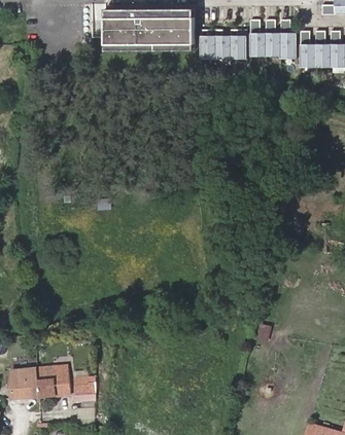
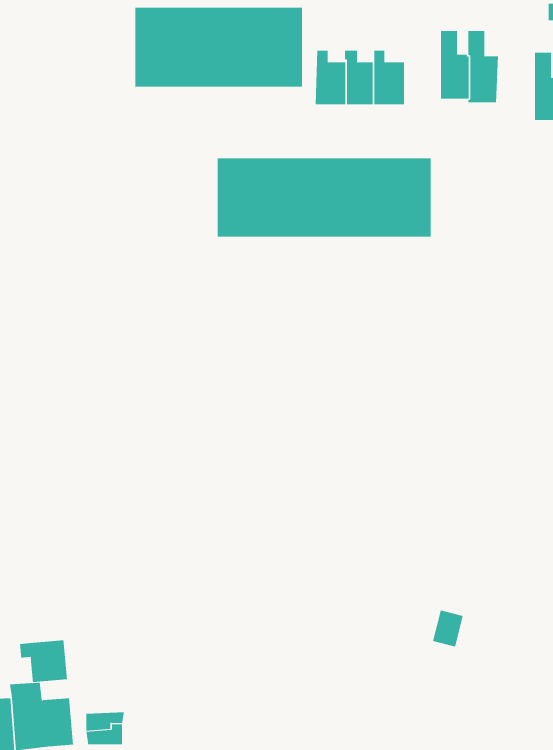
building: [246,19,262,55] -> none
building: [296,30,311,66] -> none
building: none -> [217,158,431,237]
building: none -> [19,639,68,683]

